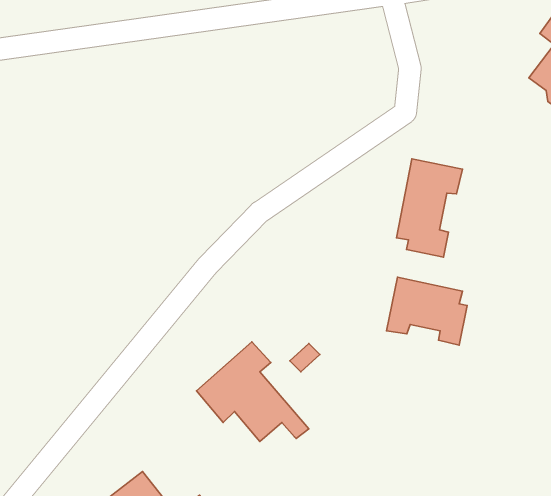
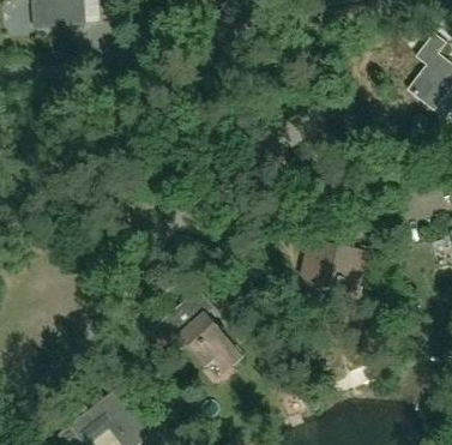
building: [396,159,462,257] -> none

